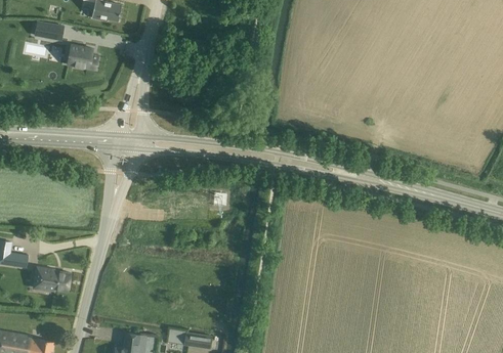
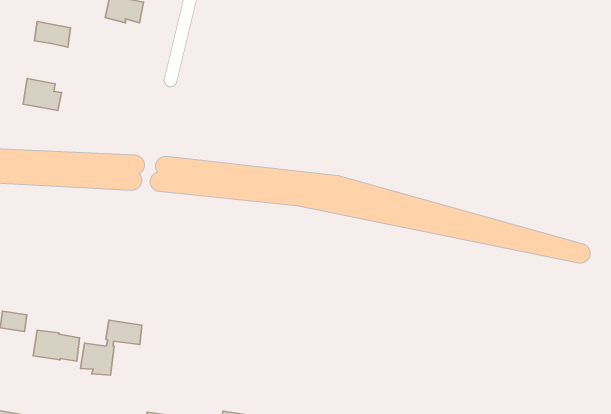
building: [67,44,97,70] -> [23,79,62,111]
building: none -> [80,320,142,375]

